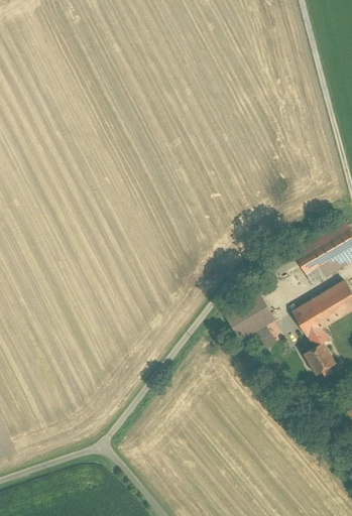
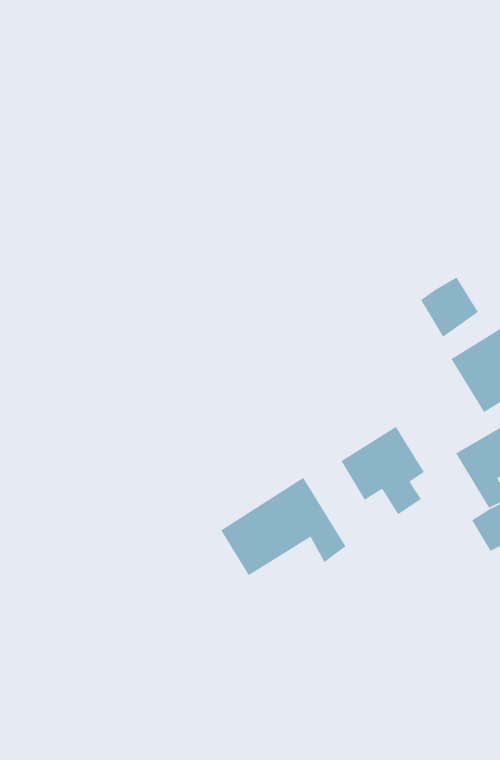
building: none -> [420,276,479,338]
building: none -> [220,477,347,576]

